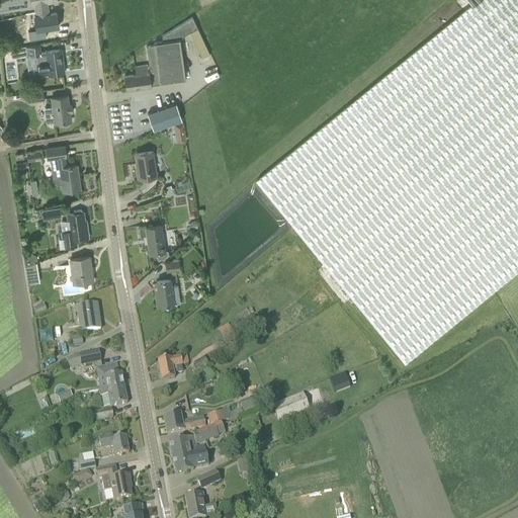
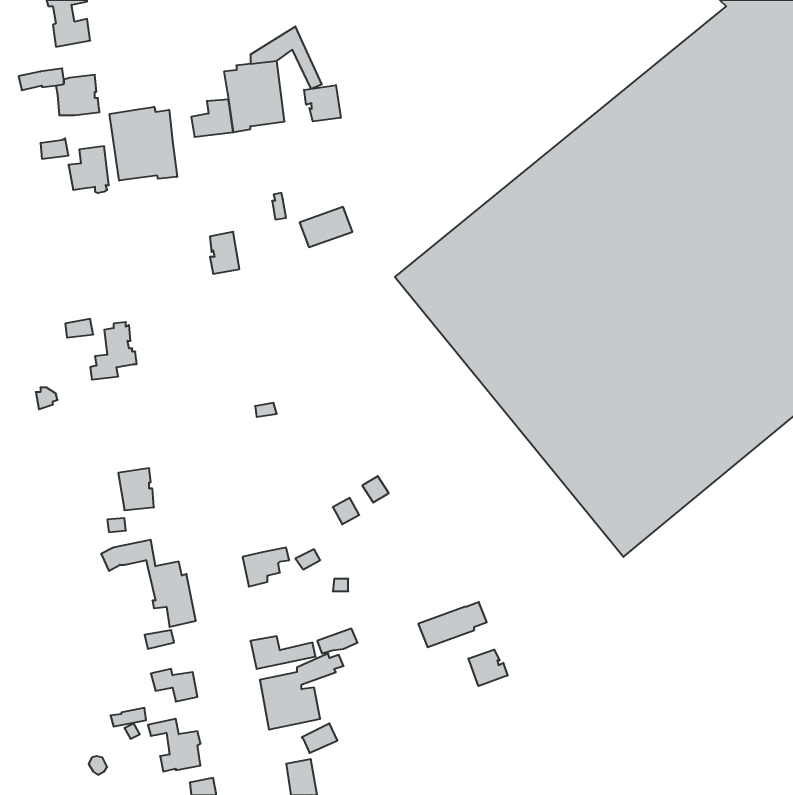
building: none -> [304,85,341,121]
building: none -> [110,107,177,181]
building: [149,103,183,130] -> [300,207,352,247]
building: [52,155,81,191] -> none
building: [147,225,166,254] -> none
building: [71,256,94,283] -> none
building: [157,279,175,307] -> none
building: none -> [468,650,508,686]

